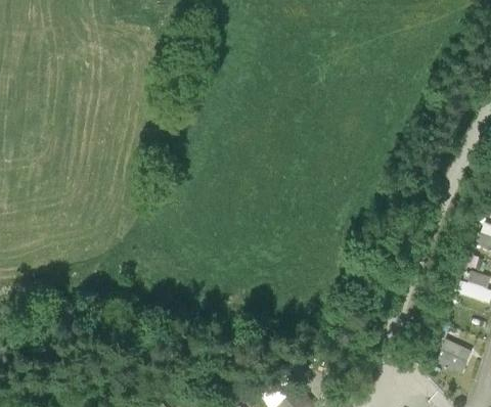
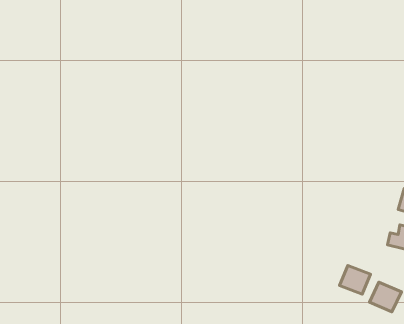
building: none -> [339,265,371,294]

